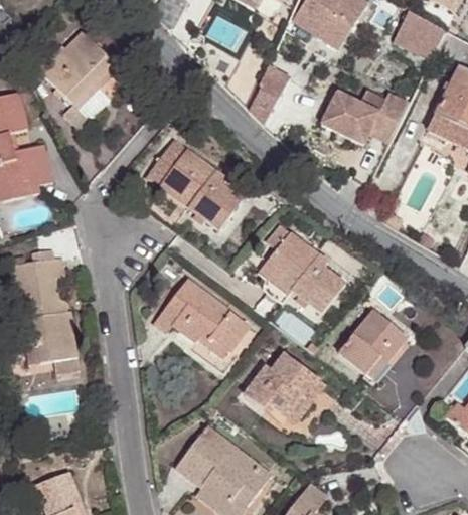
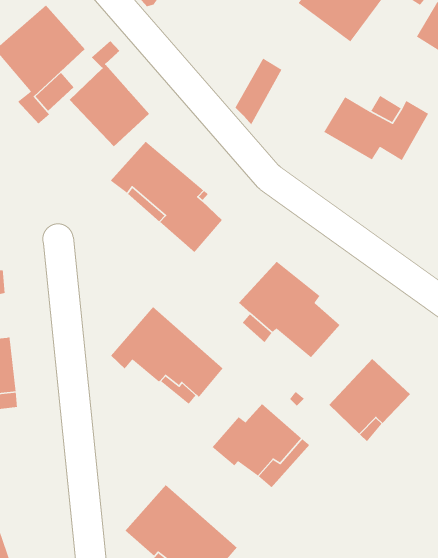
building: none -> [69,40,150,147]

